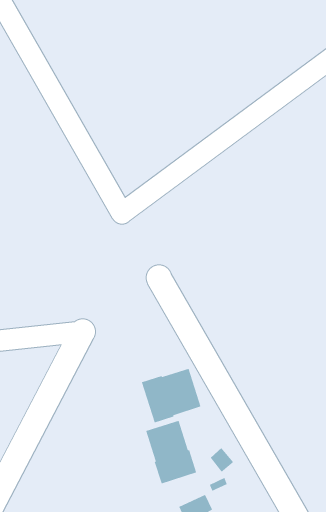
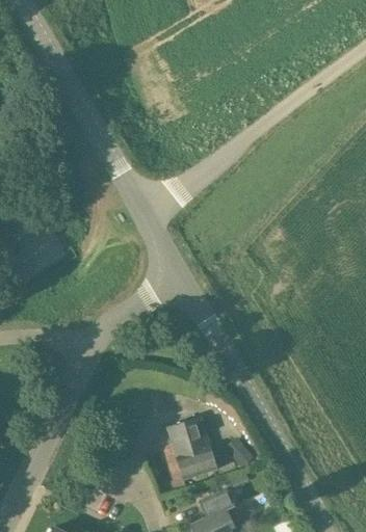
building: [141,368,202,423] -> none

